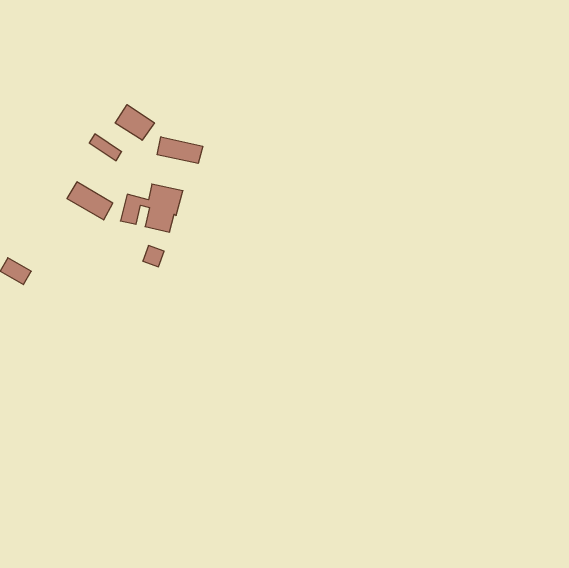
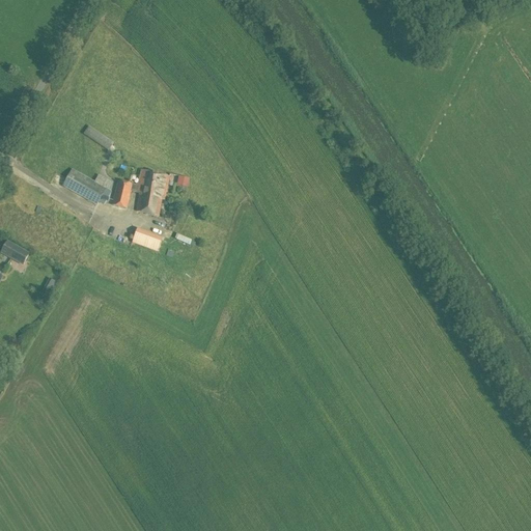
building: [115,105,154,140] -> none
building: [157,137,203,163] -> none

